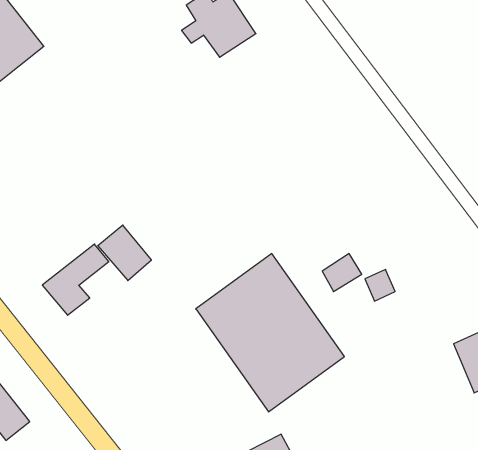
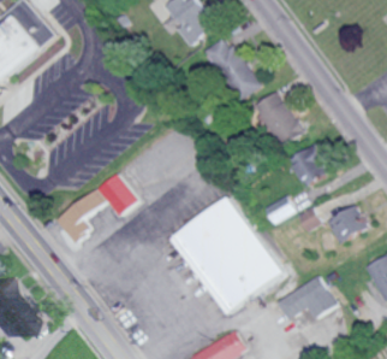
building: none -> [207,36,260,99]
building: none -> [252,90,303,148]
building: none -> [288,145,328,186]
building: none -> [327,205,367,242]
building: none -> [274,277,334,319]

